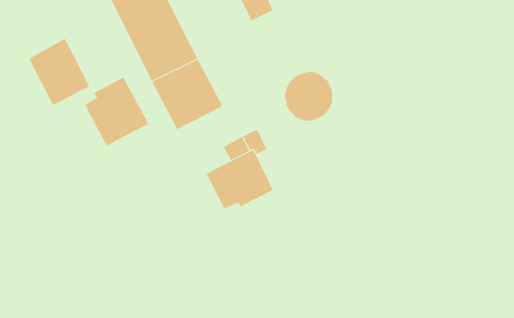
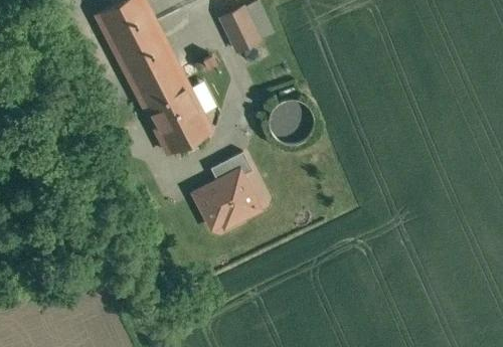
building: [29,38,90,106] -> none
building: [84,77,149,146] -> none

